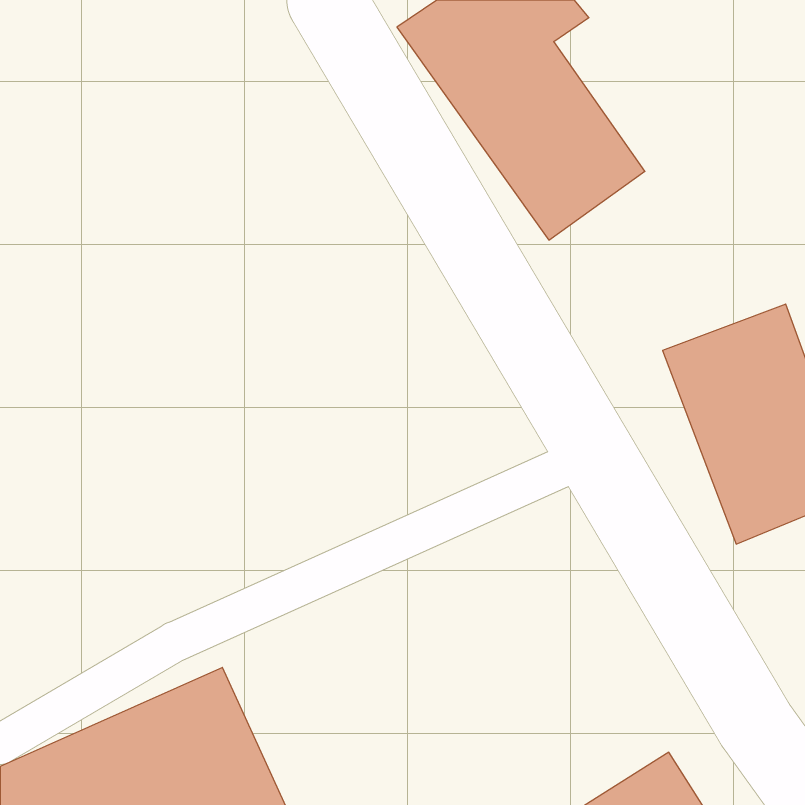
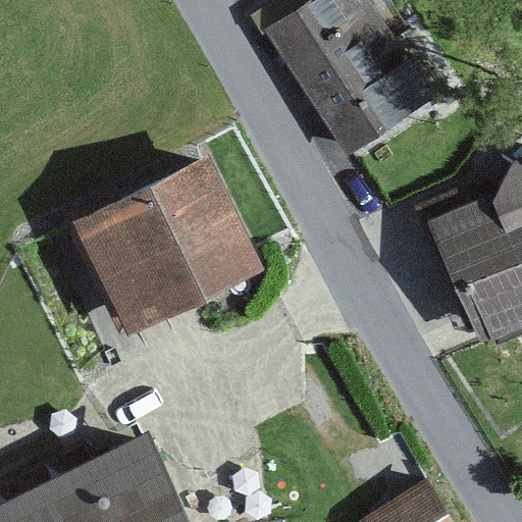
building: none -> [72,153,263,333]

